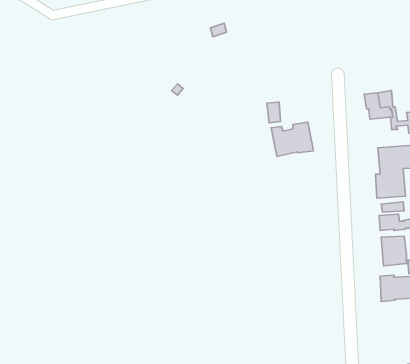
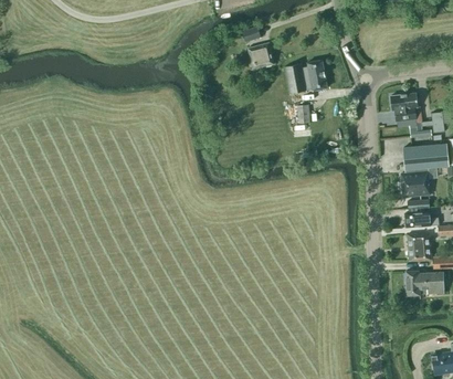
building: none -> [247,43,274,70]
building: [271,122,314,156] -> [286,61,327,94]

